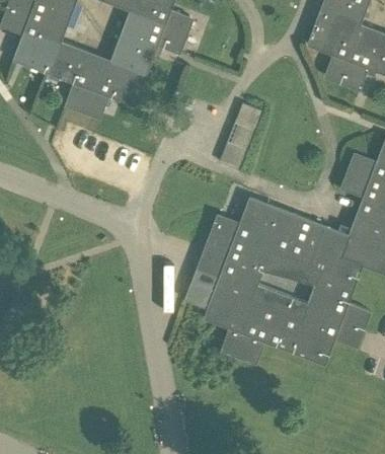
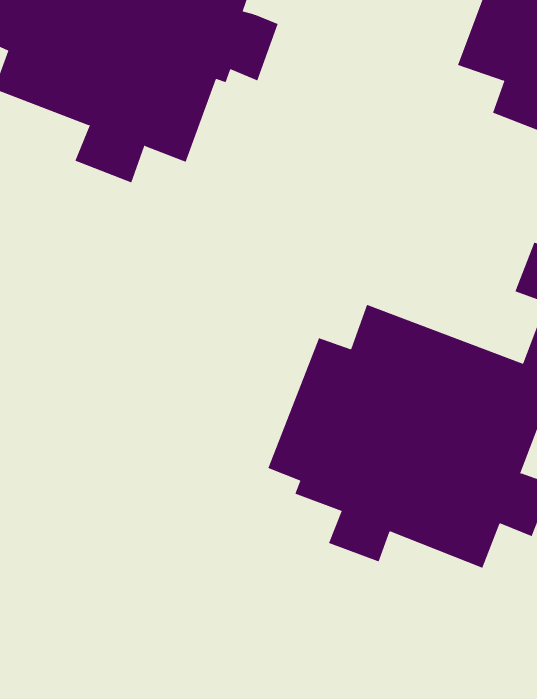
building: [220,103,261,169] -> none

